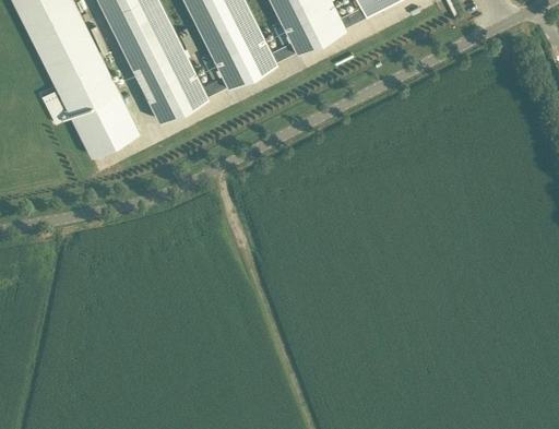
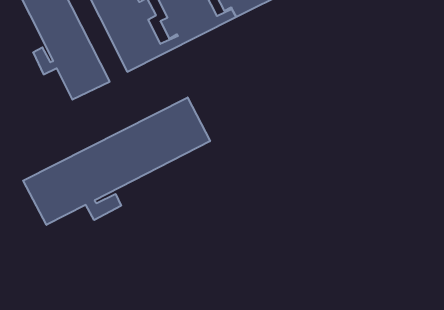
building: none -> [23,97,210,225]

